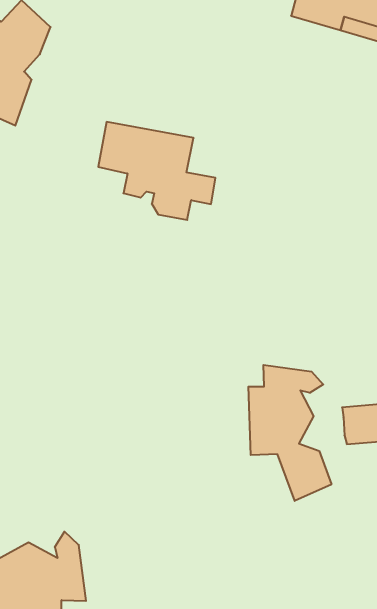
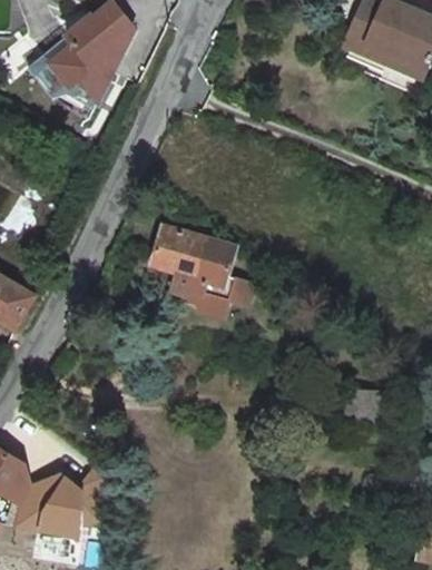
building: [98,122,215,220] -> [146,223,246,316]
building: [248,365,331,501] -> none

